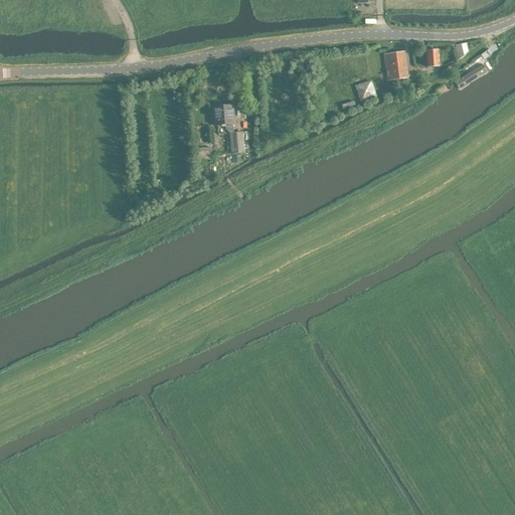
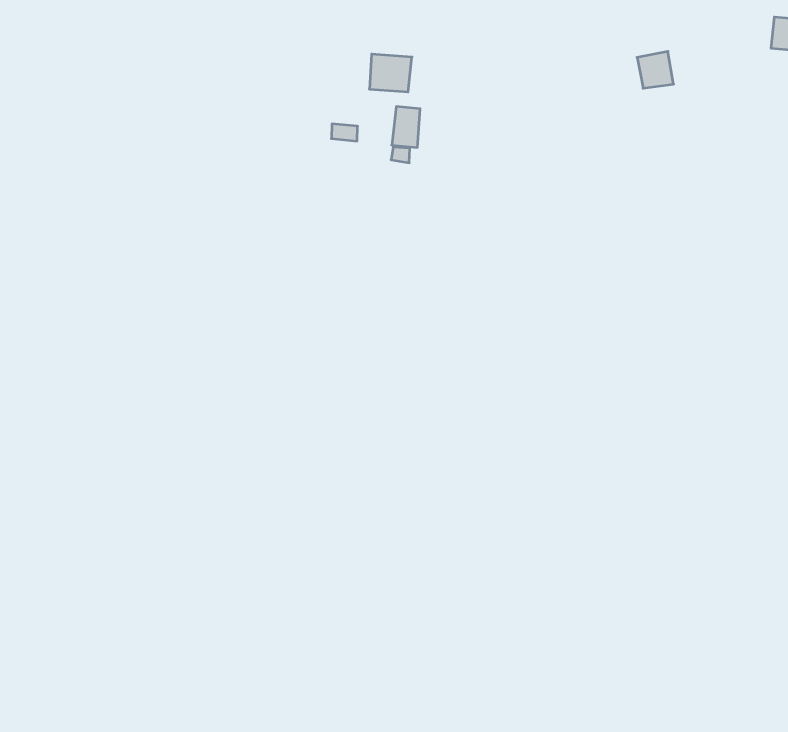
building: [384,50,407,79] -> none

